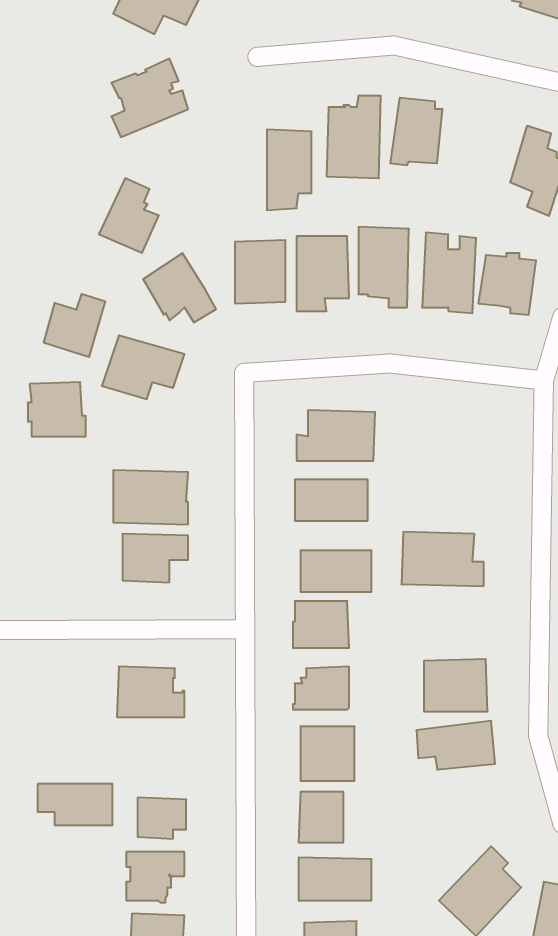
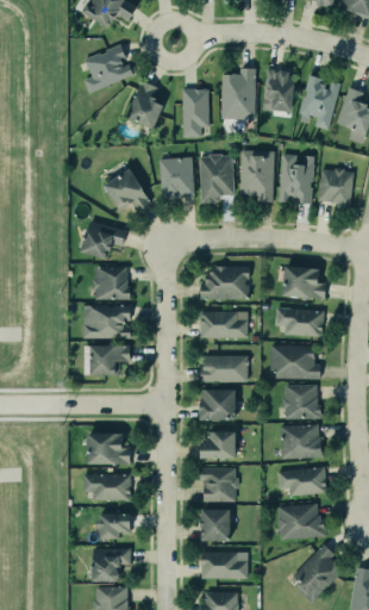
building: none -> [298,74,339,130]
building: [99,178,159,253] -> [124,80,162,127]
building: [44,294,105,357] -> none
building: [28,382,86,436] -> [92,264,129,299]
building: none -> [281,264,325,299]
building: none -> [274,306,321,336]
building: none -> [283,385,319,419]
building: none -> [277,504,323,540]
building: [38,784,113,825] -> [82,473,130,499]

